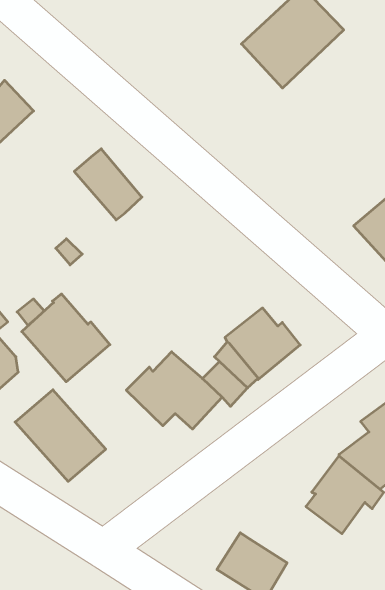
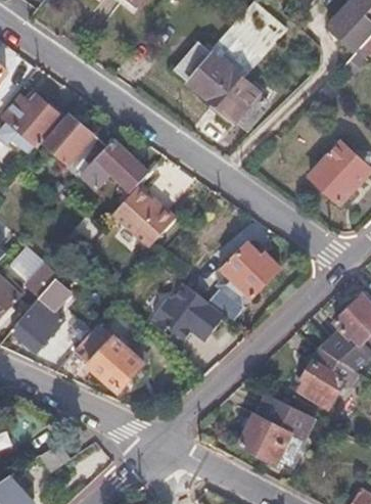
building: none -> [173,39,267,131]
building: none -> [45,116,106,174]
building: [22,294,110,382] -> [110,185,178,250]
building: none -> [253,394,314,440]

